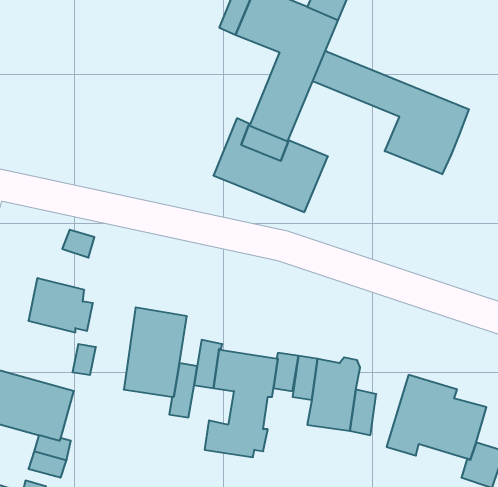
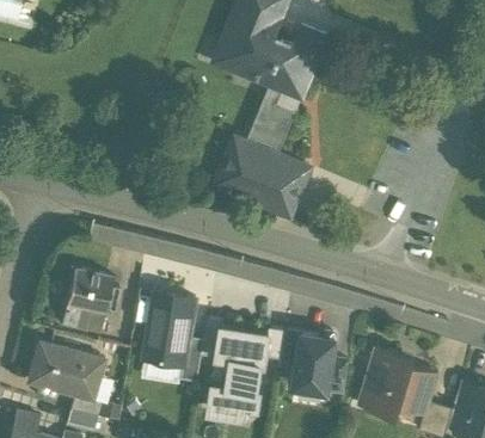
building: [313,50,469,174] -> none
building: none -> [61,302,104,333]

